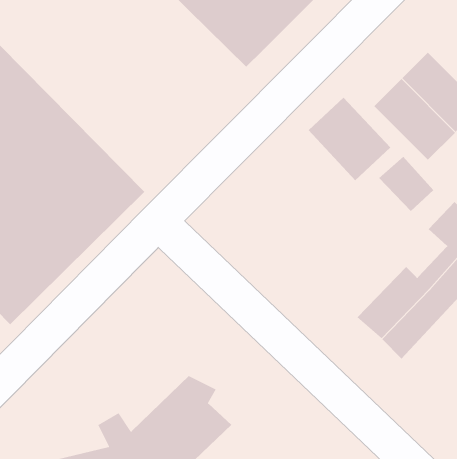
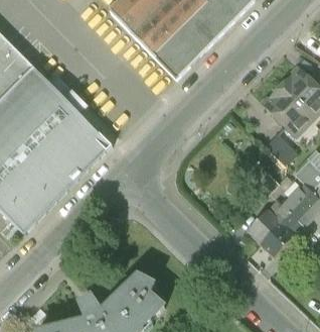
building: [308,97,391,181] -> none

